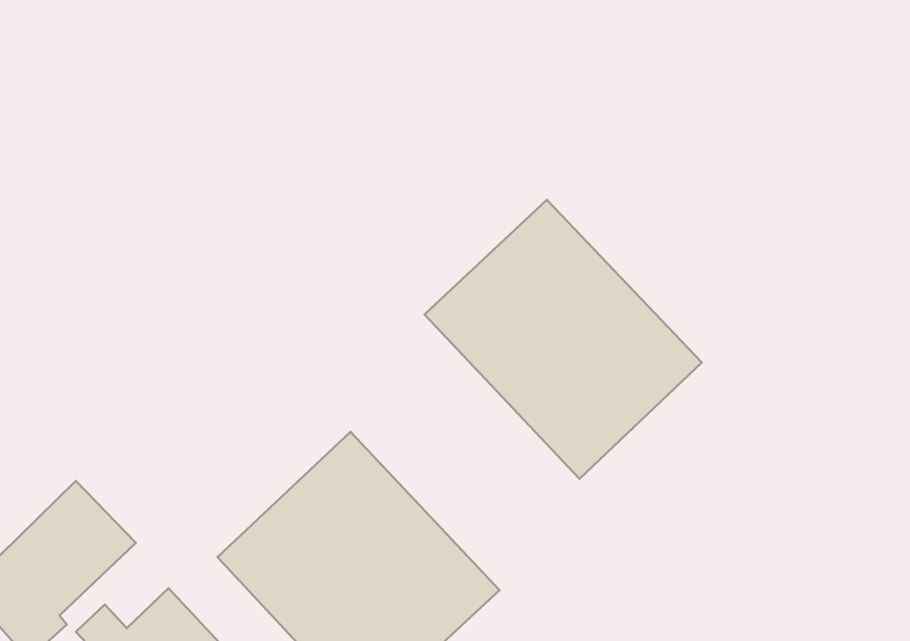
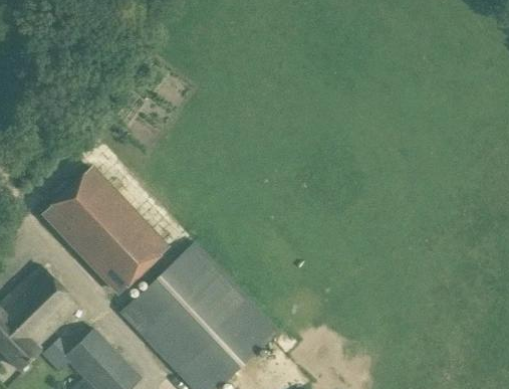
building: [425,200,702,479] -> none
building: none -> [41,167,166,295]

